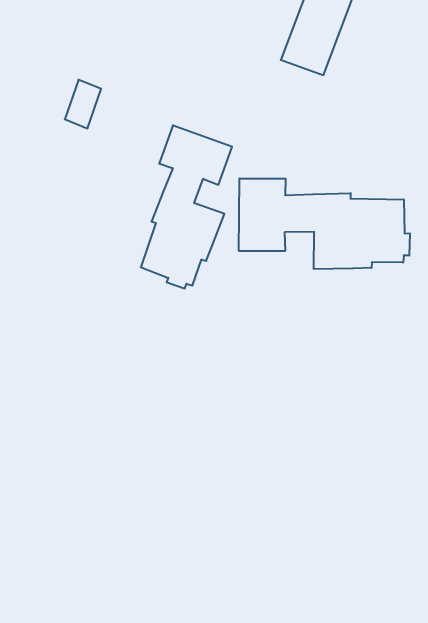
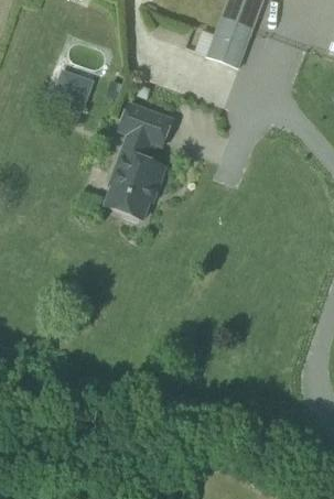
building: [239,178,410,269] -> none

